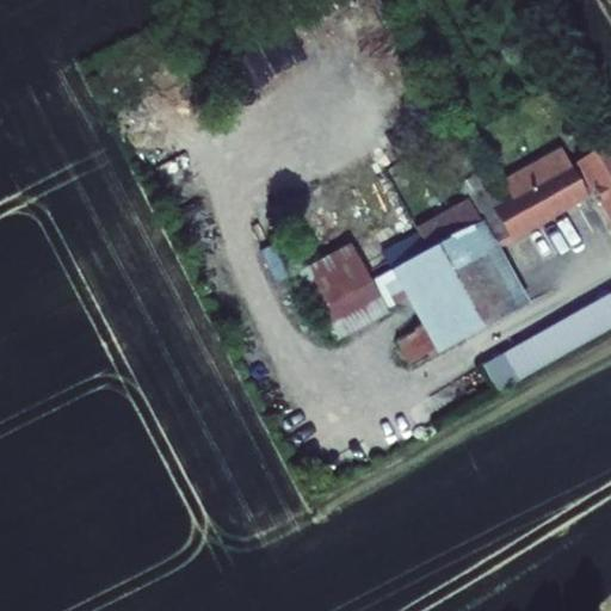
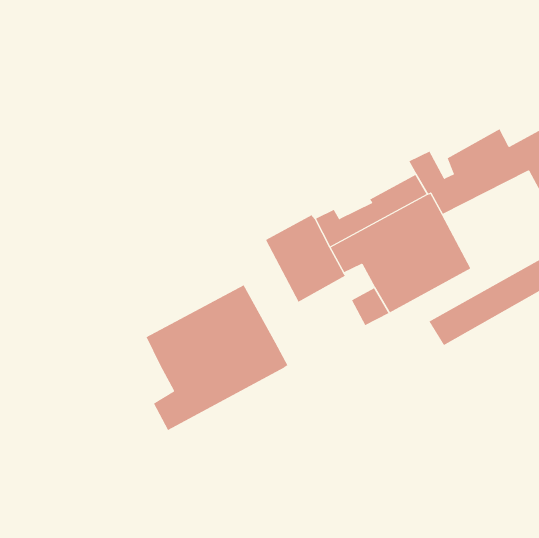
building: none -> [146,284,288,431]

